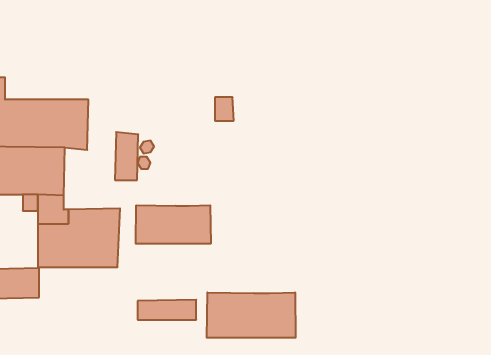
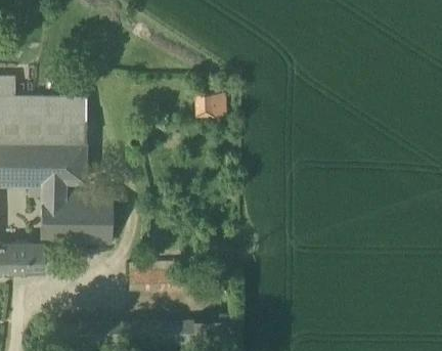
building: [115,132,138,180] -> [65,137,86,179]
building: [136,205,211,244] -> none
building: [207,292,296,338] -> none

